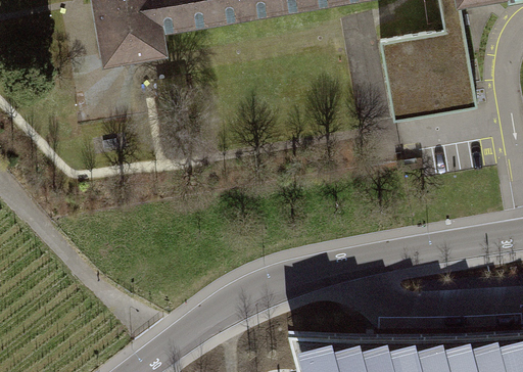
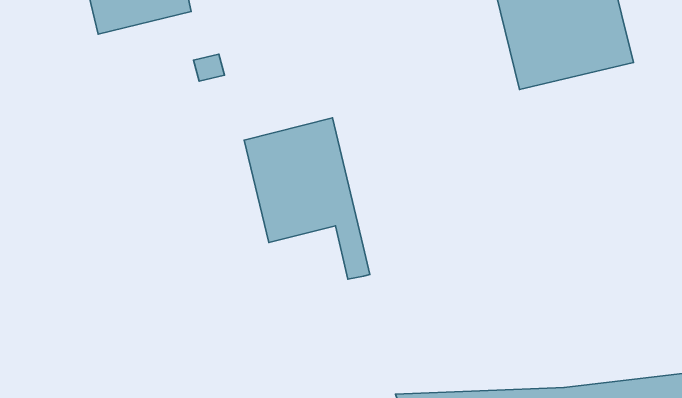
building: none -> [244,118,370,279]

